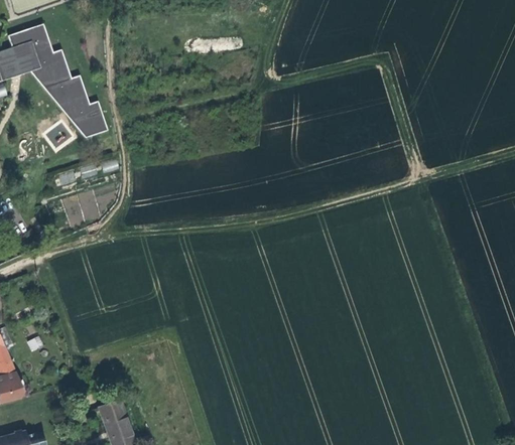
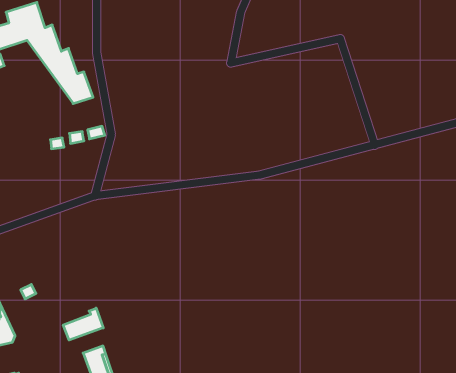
building: none -> [63,308,103,340]

